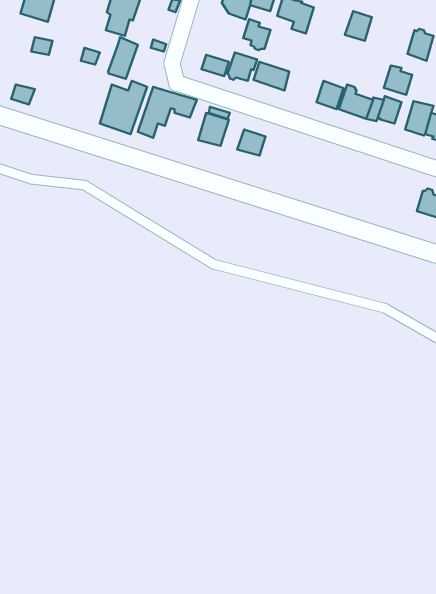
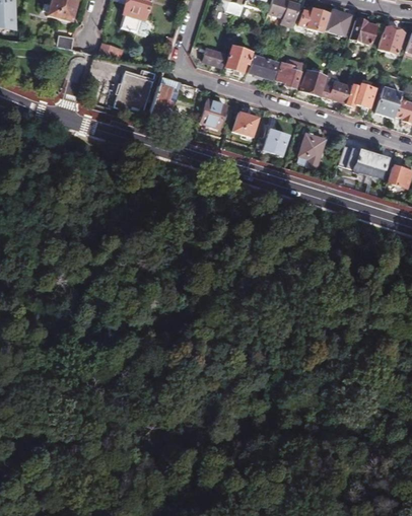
building: none -> [300,7,330,32]
building: [243,19,270,50] -> [278,61,301,87]
building: [108,37,138,79] -> none
building: [384,65,412,95] -> [352,18,376,44]
building: none -> [260,127,288,153]
building: none -> [299,132,326,165]
building: none -> [340,144,388,176]

